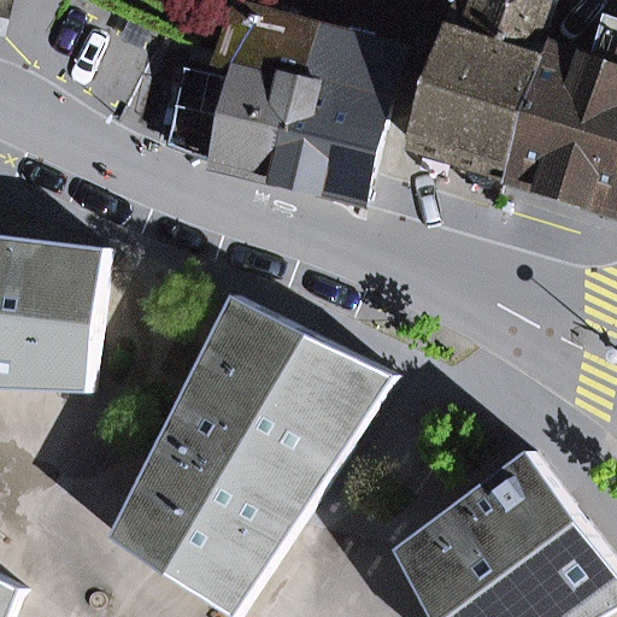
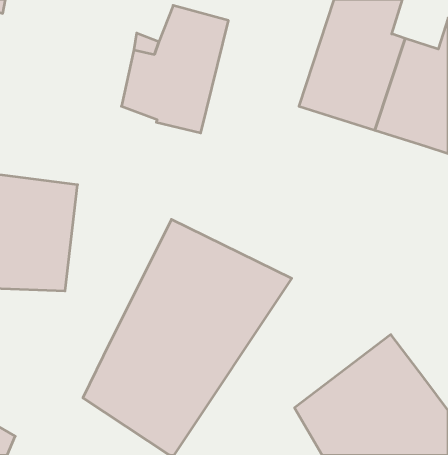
building: [271,28,398,201] -> none

